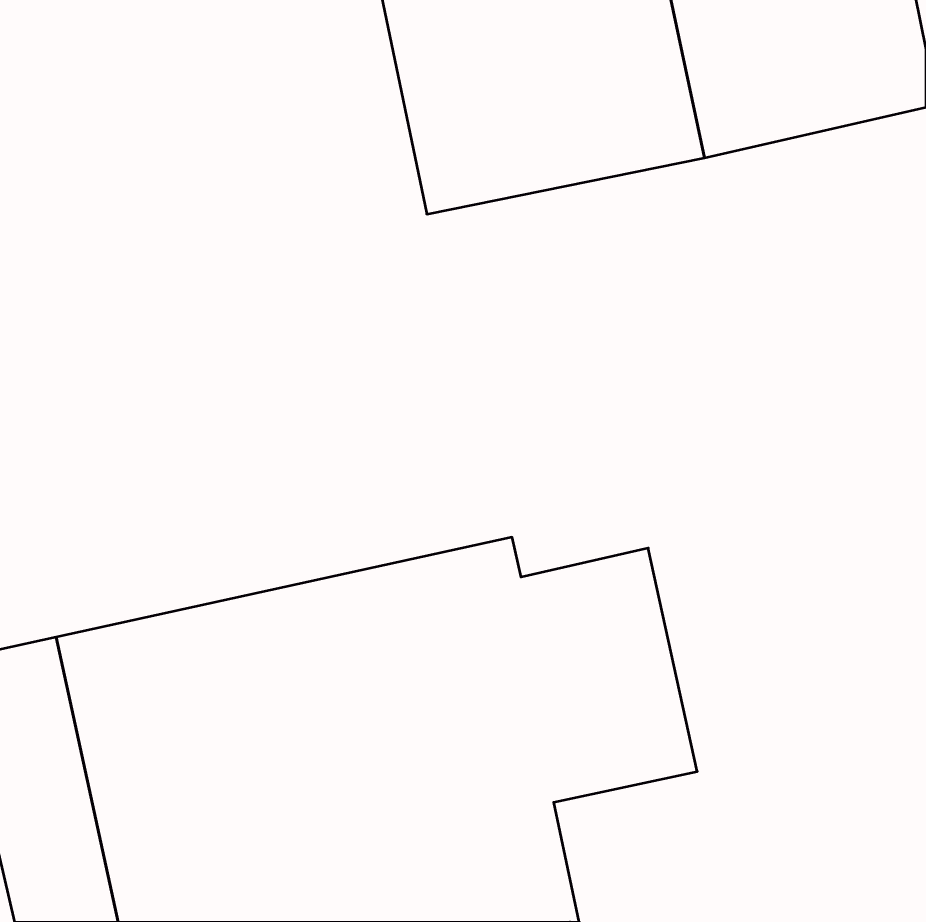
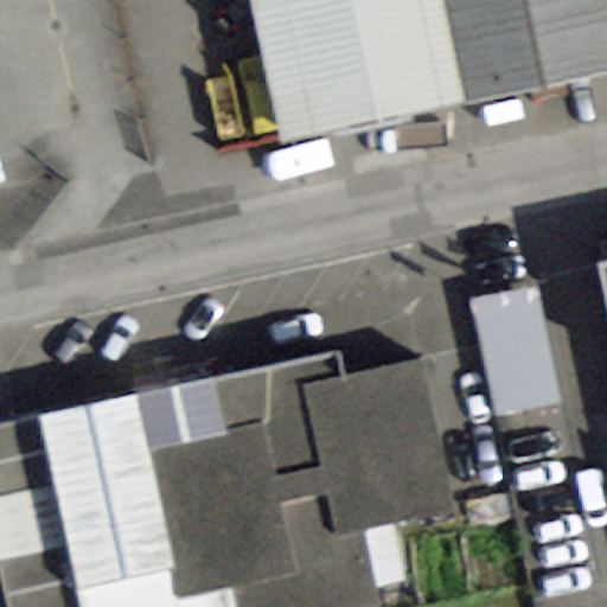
building: none -> [468,286,558,416]

